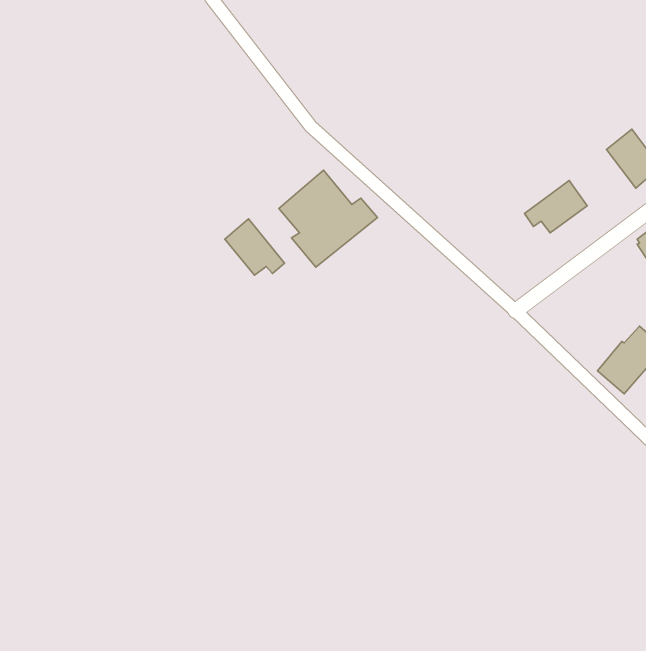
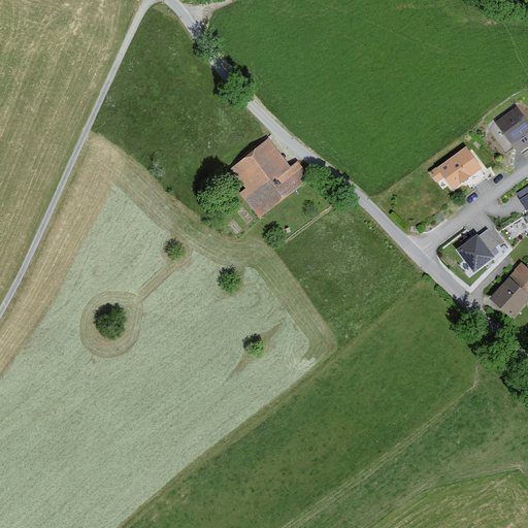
building: [225,219,284,275] -> none
building: none -> [464,235,499,270]

